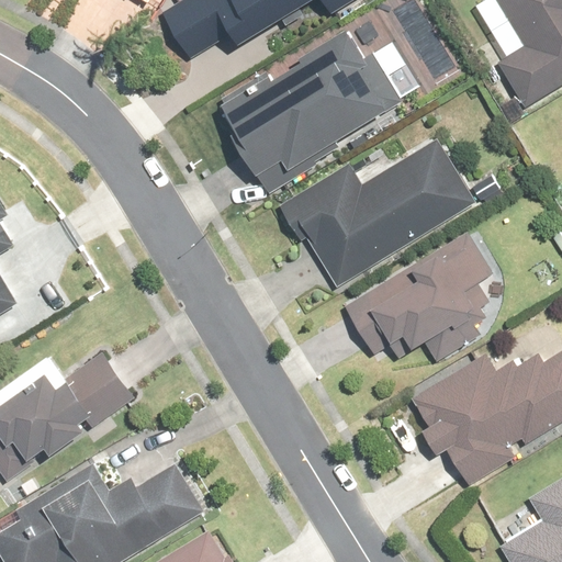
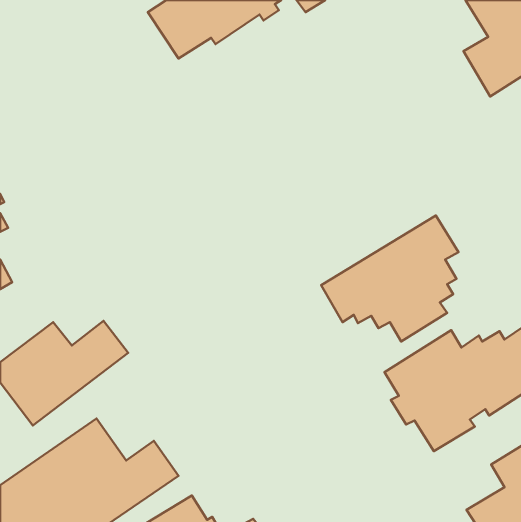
building: [214,29,402,193] -> none
building: [278,143,473,285] -> none

